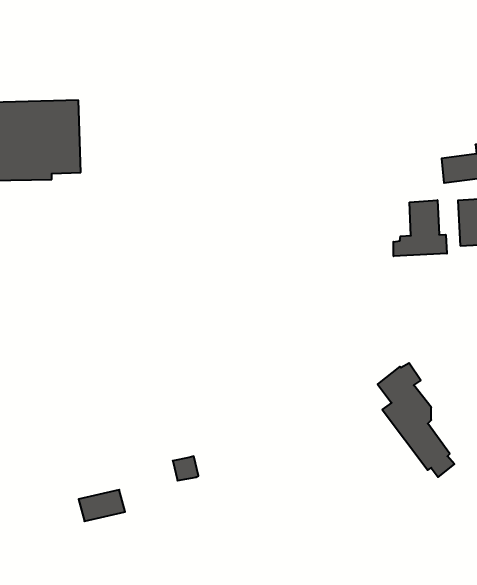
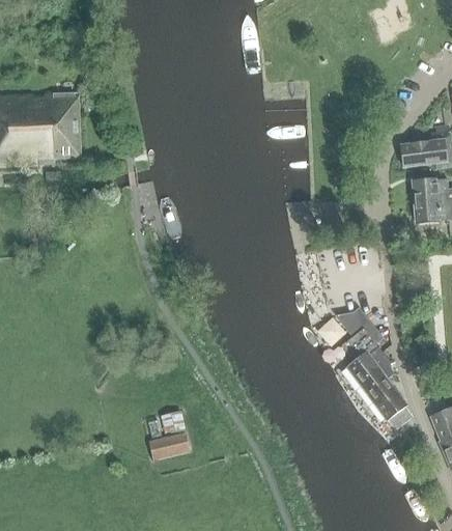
building: [393,200,447,256] -> none
building: [79,490,125,521] -> [147,431,189,459]

